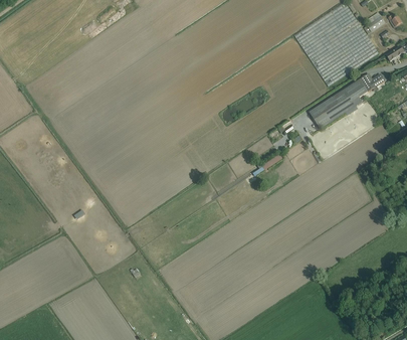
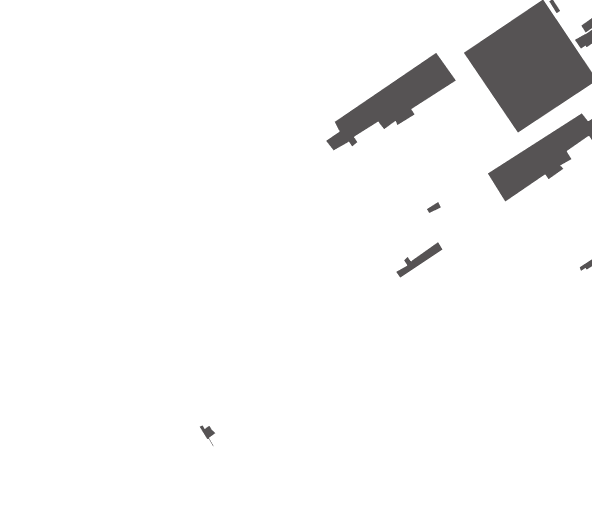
building: none -> [325,52,457,151]

